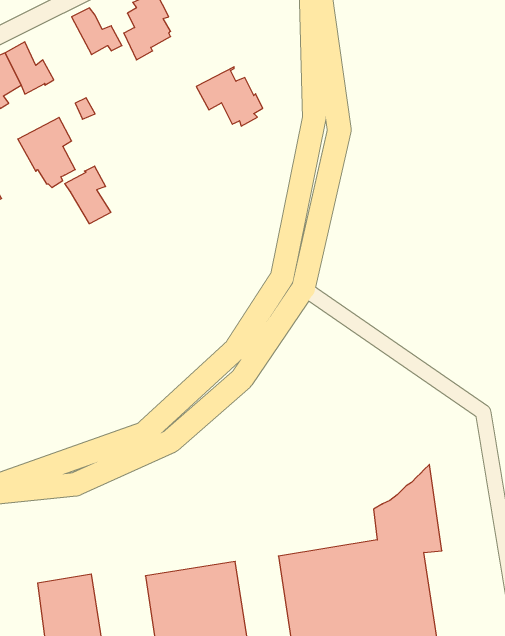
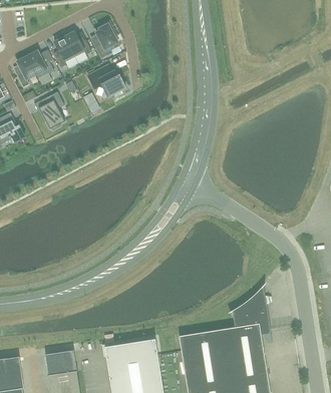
building: none -> [52,35,77,68]
building: [196,67,263,126] -> [87,64,124,97]
building: [65,166,111,224] -> none

